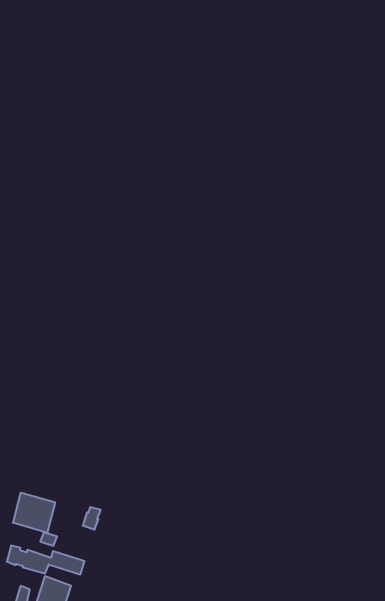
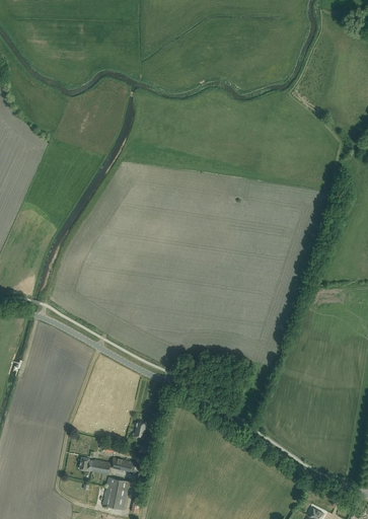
building: [13,493,55,533] -> none

